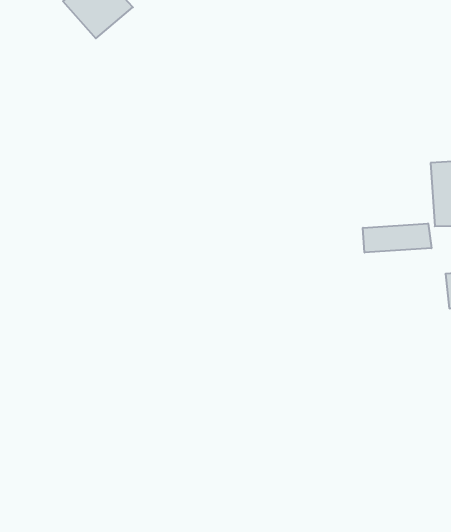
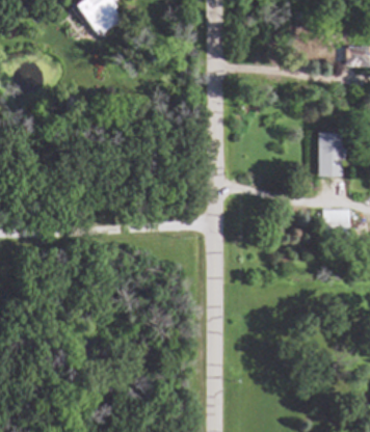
building: [363,223,431,253] -> none

